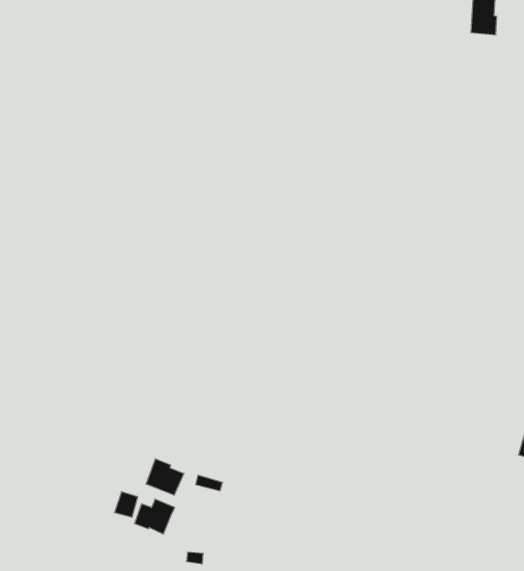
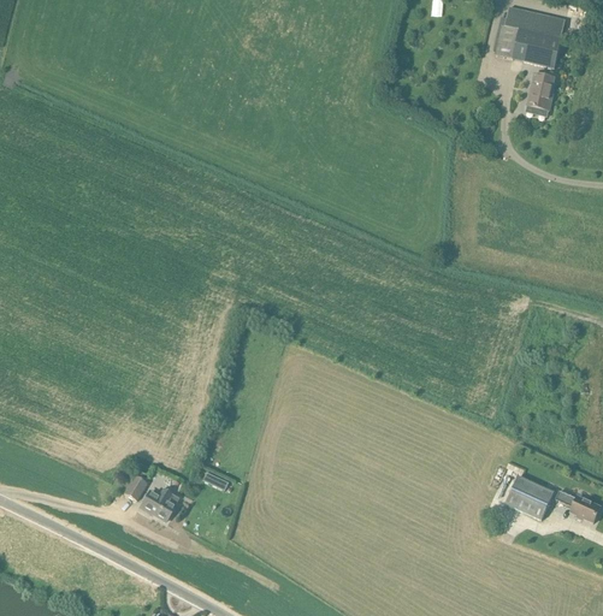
building: [146,459,184,495] -> none

